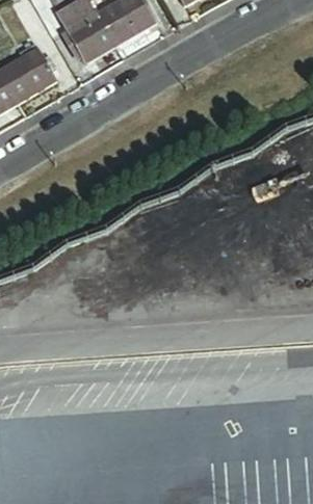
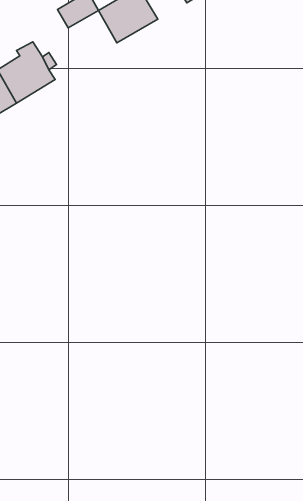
building: [61,14,114,61] -> none

